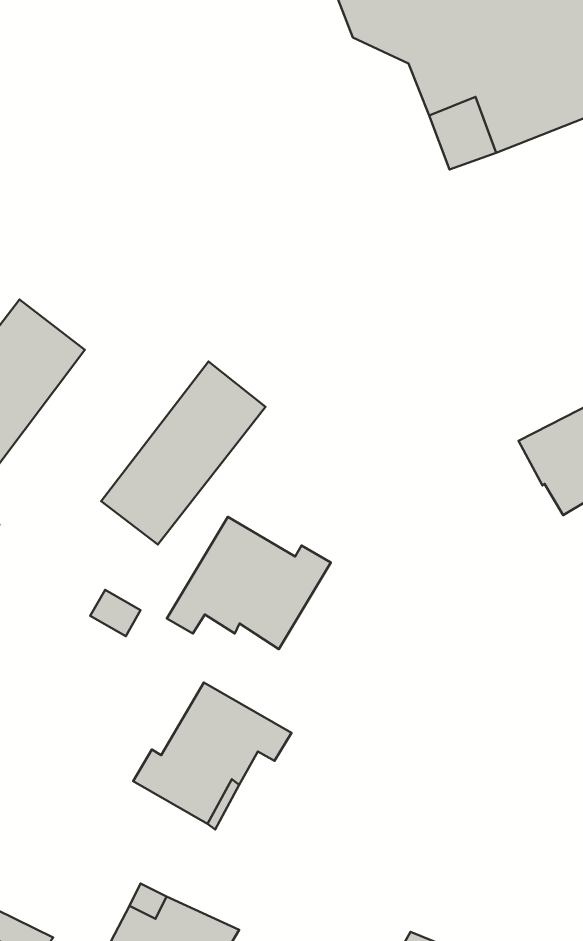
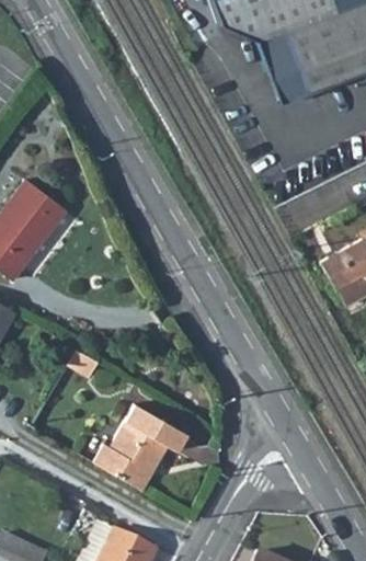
building: [101,362,266,545] -> none
building: [167,517,331,649] -> none

